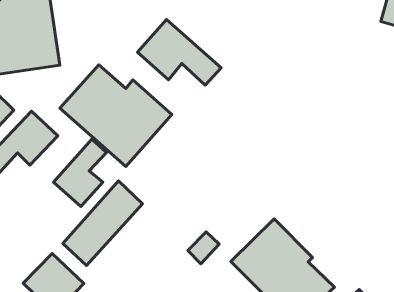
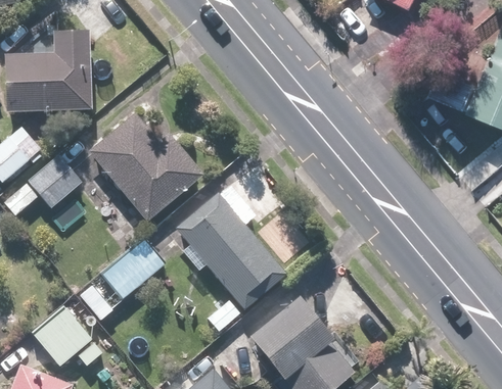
building: [137,20,221,85] -> none
building: none -> [173,184,287,309]
building: [54,139,106,207] -> none

